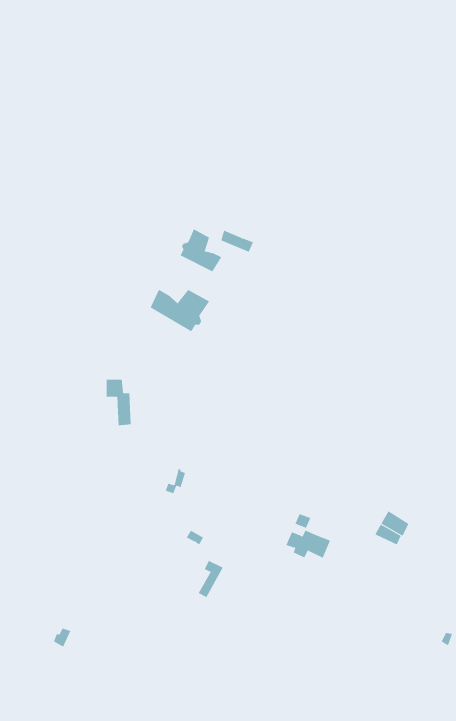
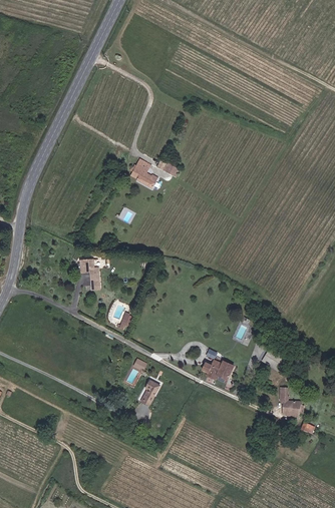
building: [150,289,210,332] -> none
building: none -> [283,391,305,418]

